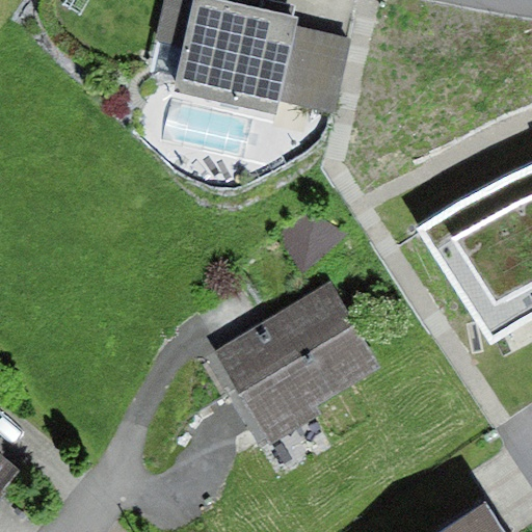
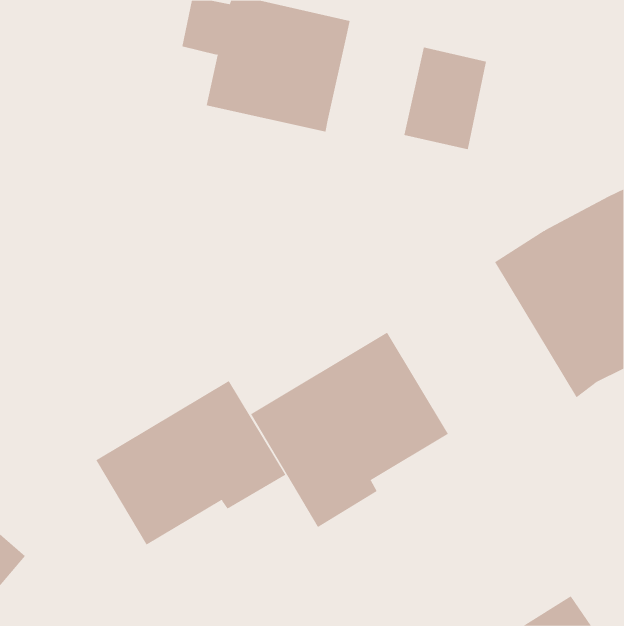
building: [278,27,349,114] -> [404,47,487,150]
building: none -> [96,380,286,545]

